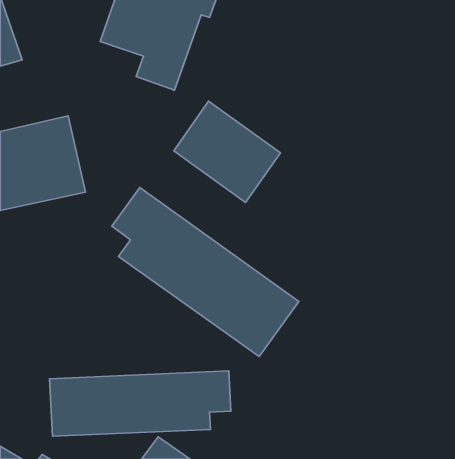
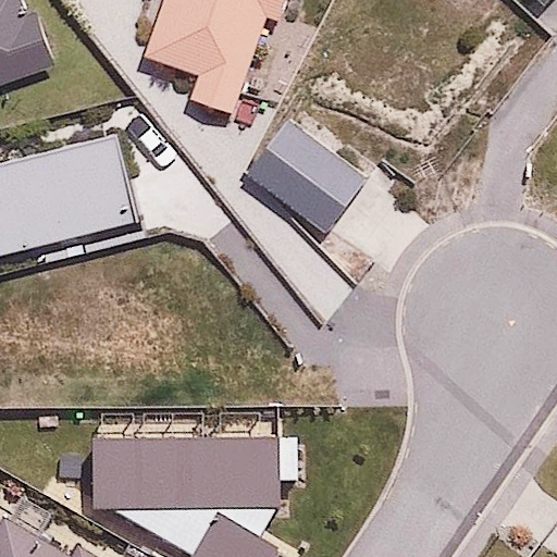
building: [112,187,299,356] -> none

